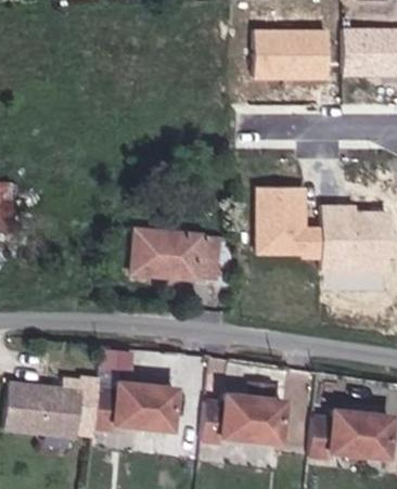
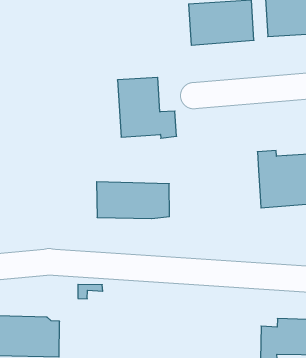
building: [258,192,322,262] -> [117,77,177,138]
building: [95,378,175,426] -> none
building: [202,382,282,438] -> none

